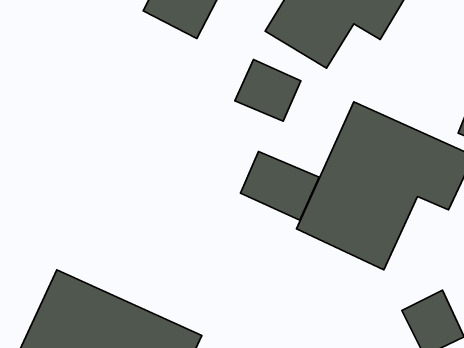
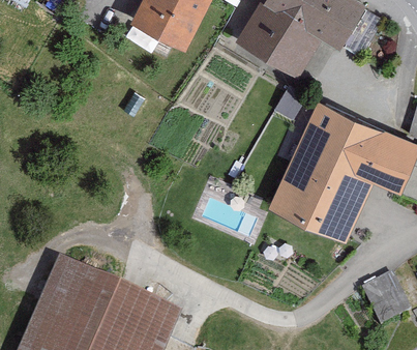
building: [235,59,301,121] -> none
building: [241,152,319,220] -> none

